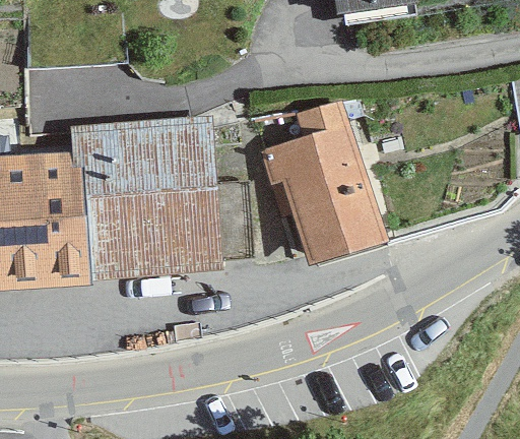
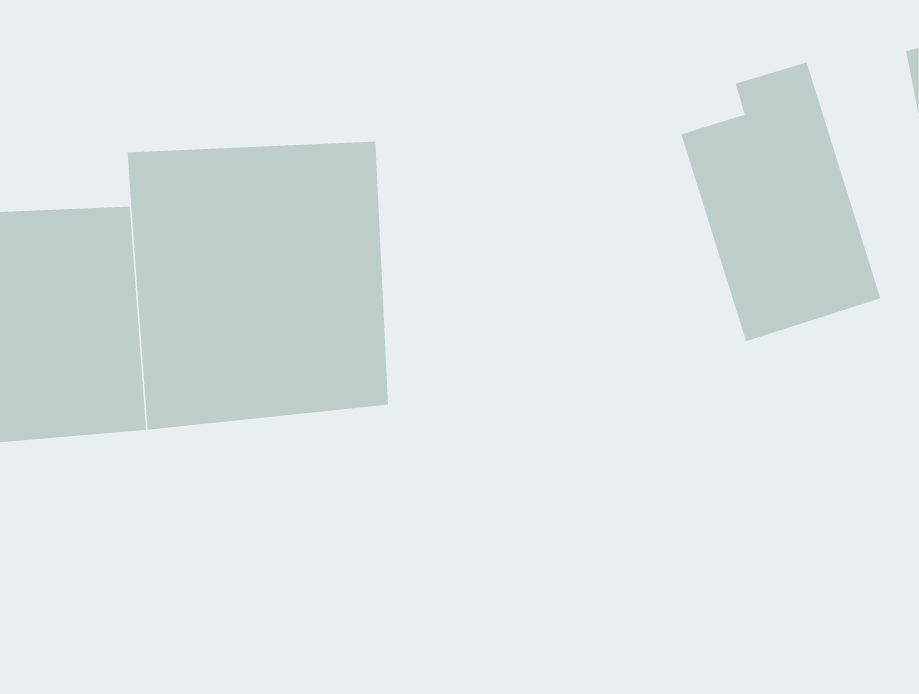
building: [269,103,382,260] -> [681,62,881,342]

